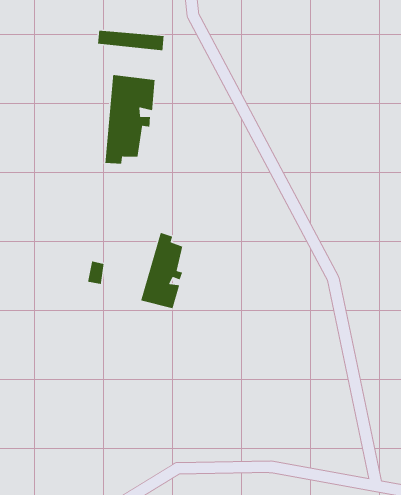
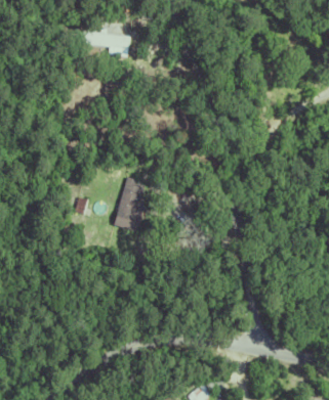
building: [105,74,156,164] -> none

